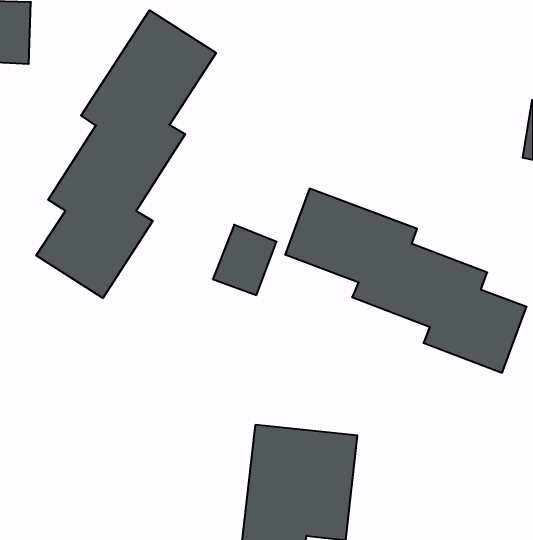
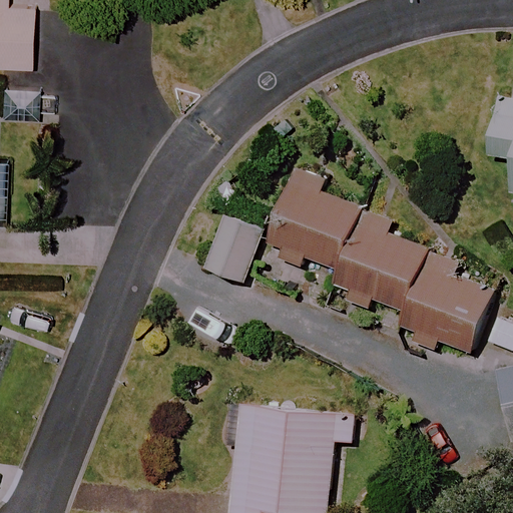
building: [36,10,216,298] -> none

